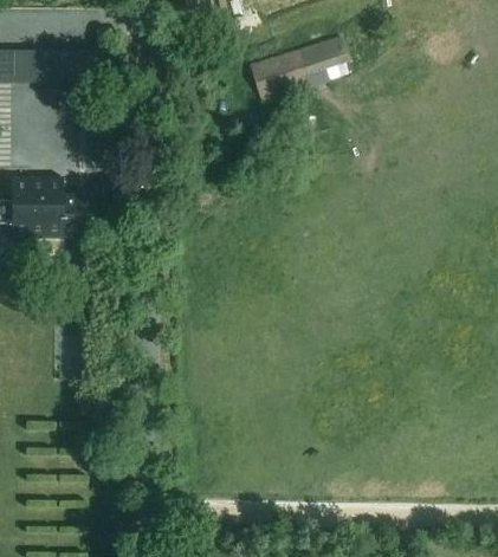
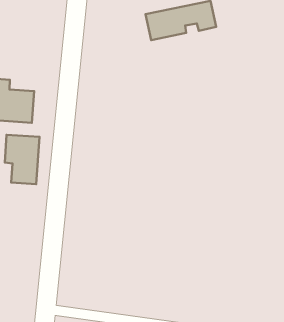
building: none -> [5,135,40,184]

